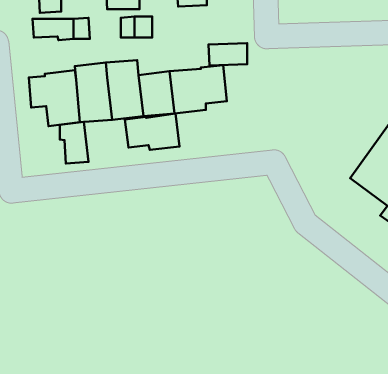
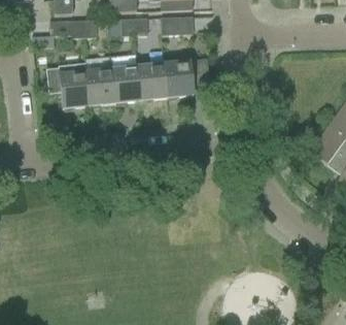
building: [208,43,247,65] -> [162,17,194,35]
building: [125,113,179,150] -> none
building: [60,122,89,163] -> none

